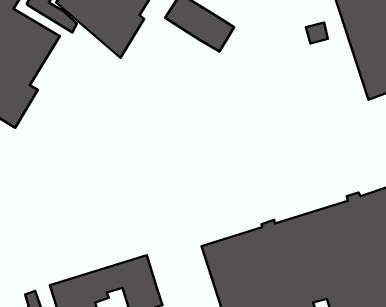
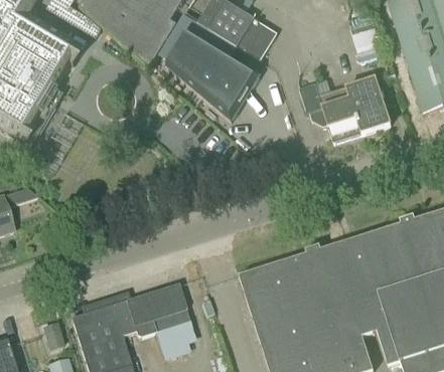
building: none -> [166,28,261,119]
building: none -> [299,77,390,139]

